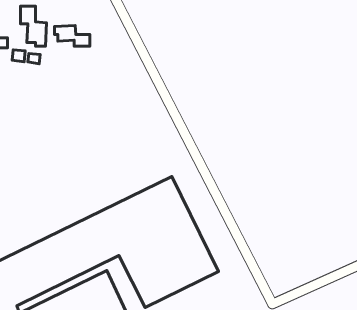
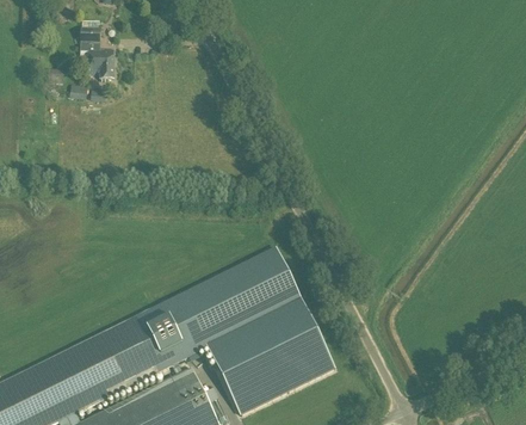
building: [55,26,90,46] -> none

